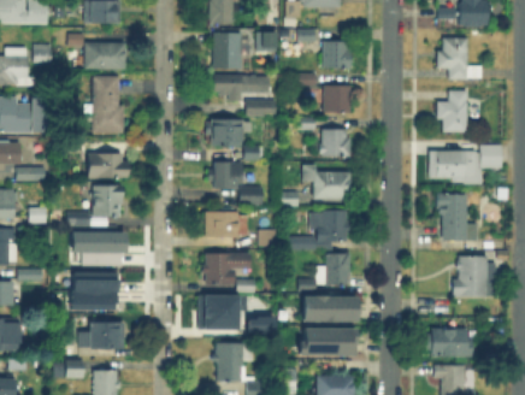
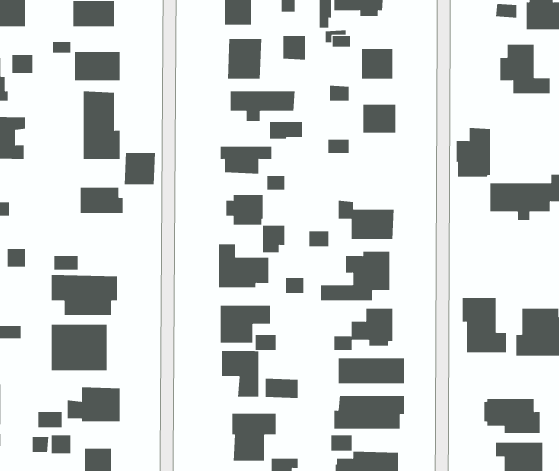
building: [438,90,467,131] -> [456,127,491,177]
building: [323,129,349,155] -> none
building: [94,187,120,213] -> [124,153,156,185]
building: [438,194,476,240] -> [462,297,507,353]

